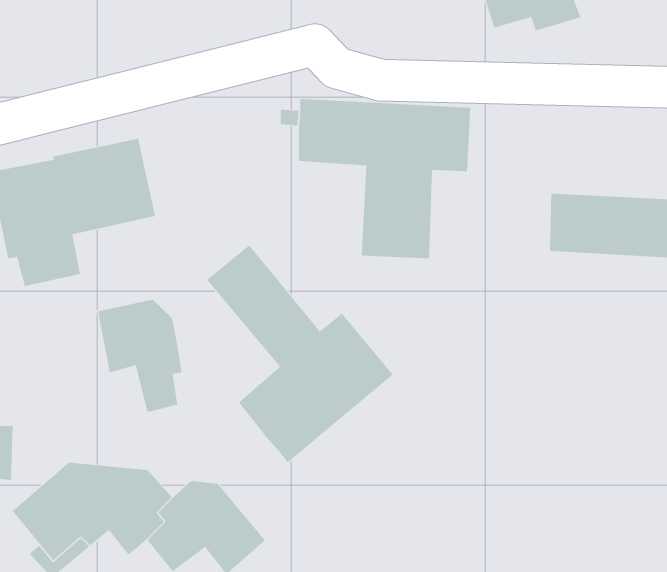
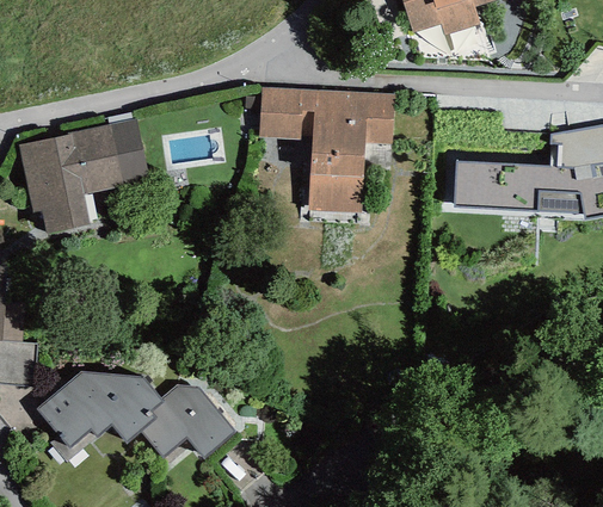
building: [206,244,393,463] -> none
building: [97,299,182,413] -> none

